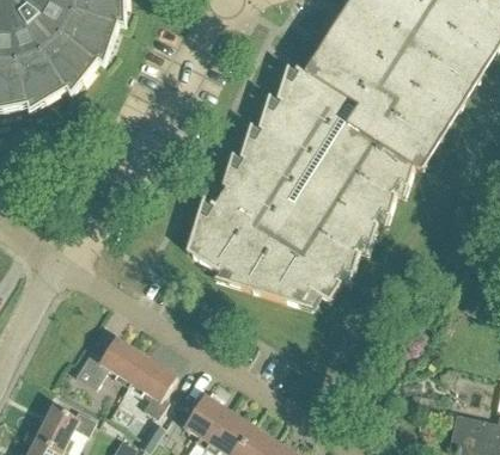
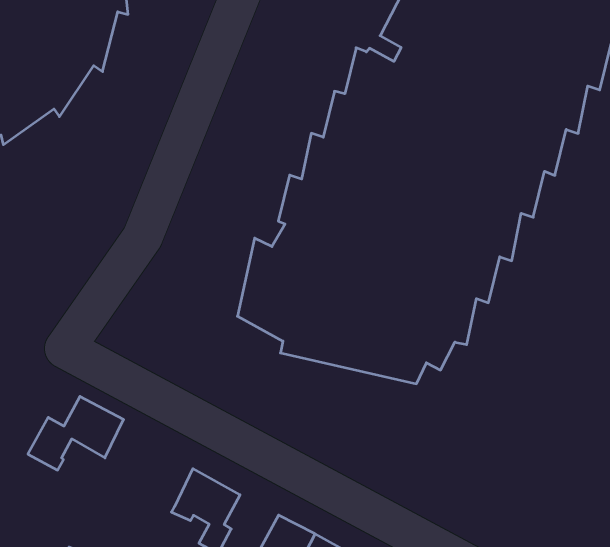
building: [75,338,146,389] -> [28,396,124,470]

